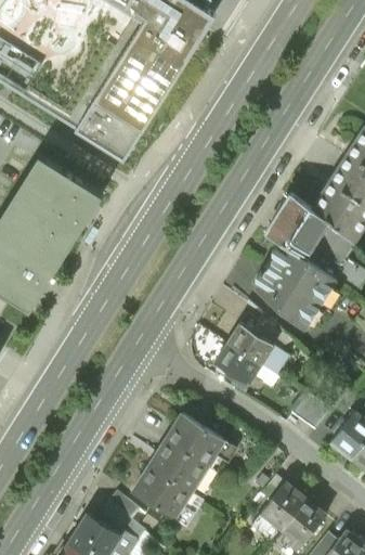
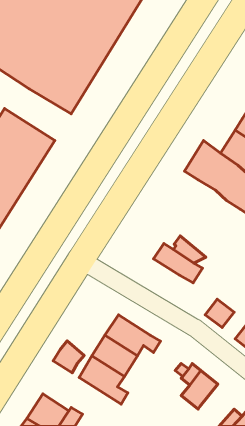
building: [253,243,336,331] -> none
building: [214,343,259,388] -> none
building: [99,490,138,530] -> [53,341,84,373]
building: [285,501,327,545] -> none

